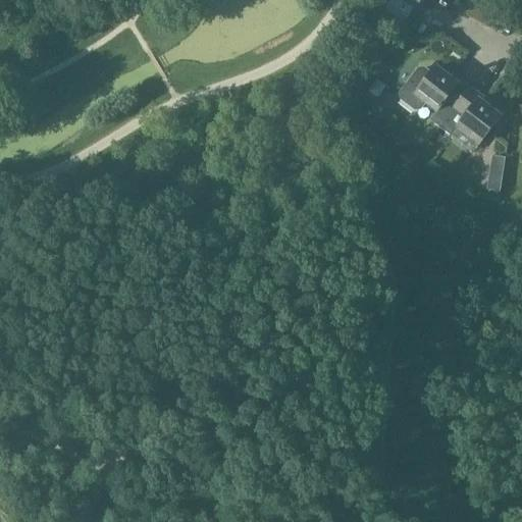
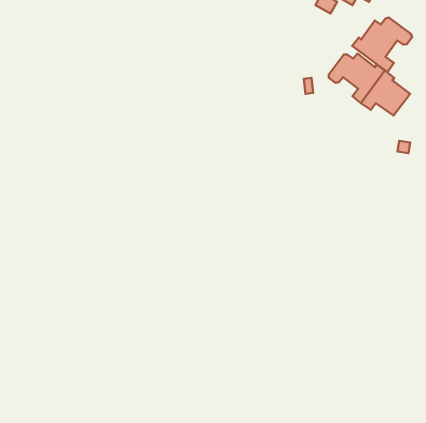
building: none -> [352,18,412,72]

